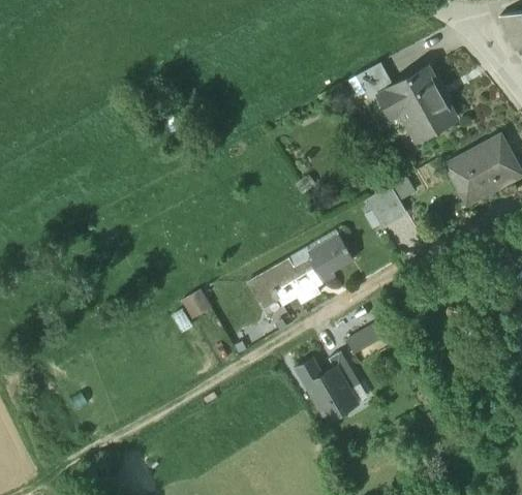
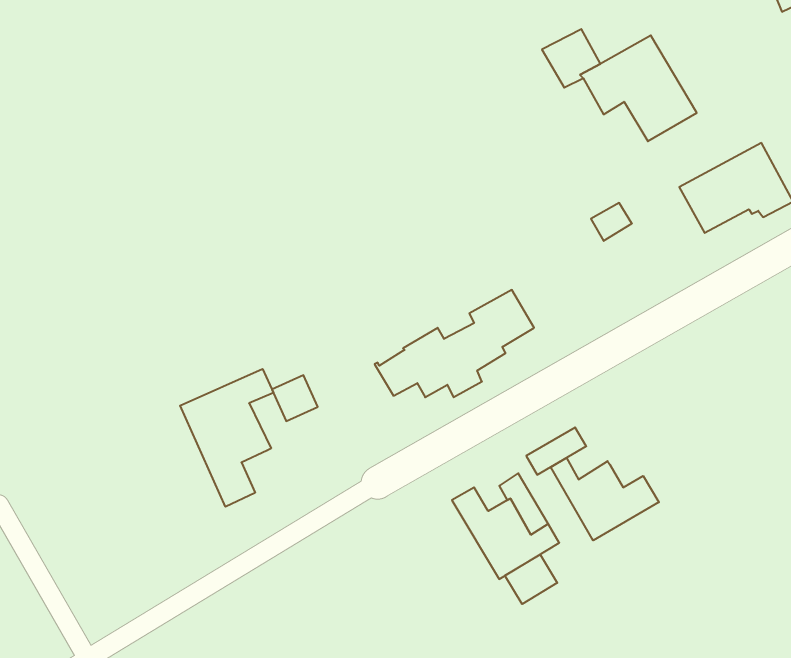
building: [366,187,404,227] -> none
building: none -> [180,369,274,507]
building: none -> [551,458,659,540]
building: none -> [505,554,557,604]

